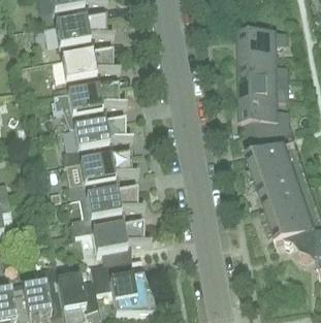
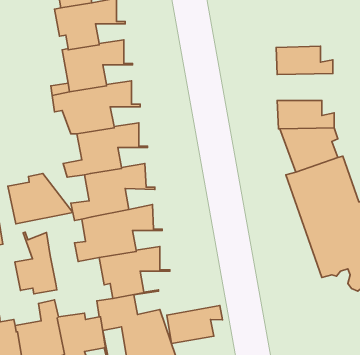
building: [239,32,287,56] -> none
building: [240,77,288,100] -> none
building: none -> [8,173,73,224]
building: none -> [15,232,57,294]
building: none -> [167,306,223,344]

